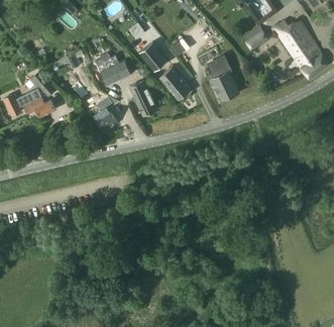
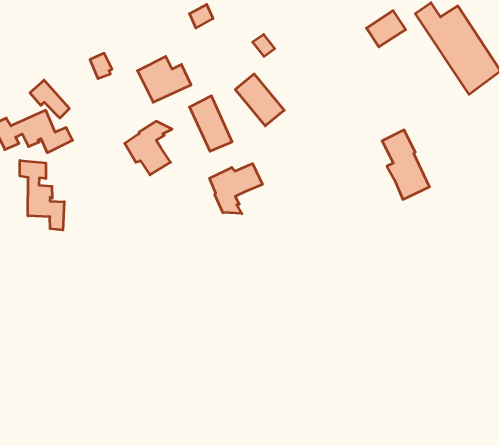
building: [140,42,168,71] -> none
building: [209,57,239,101] -> [382,130,430,199]
building: none -> [20,160,64,230]
building: none -> [210,164,262,214]

